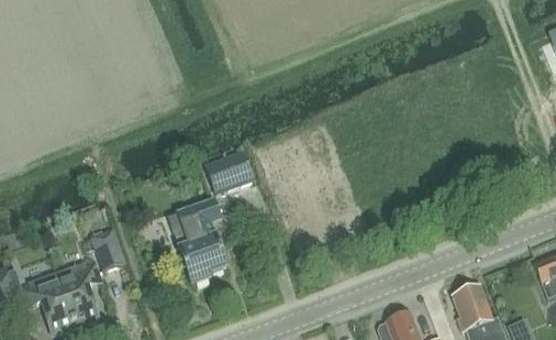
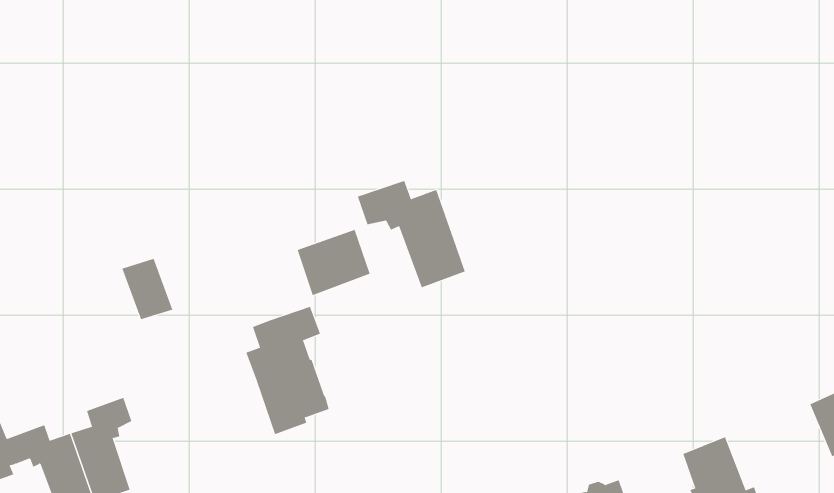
building: none -> [357,180,466,288]
building: [91,229,124,268] -> [122,258,173,320]

